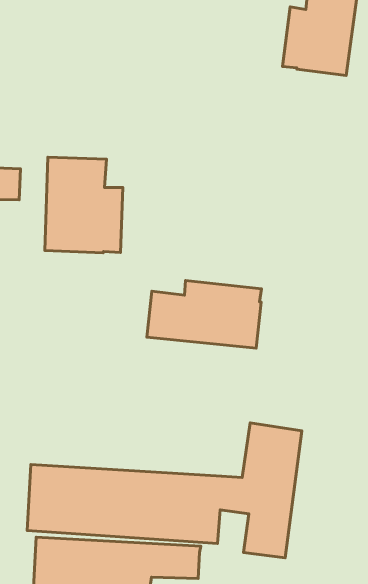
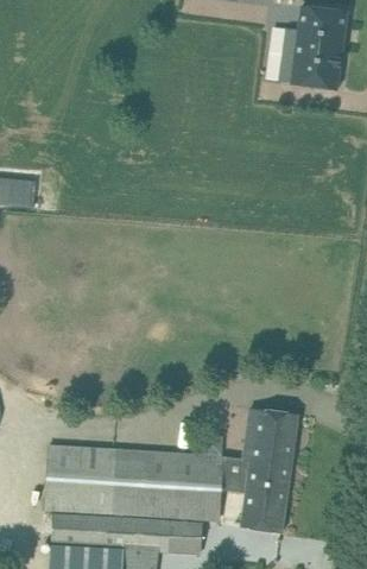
building: [45,157,123,253] -> none
building: [147,281,262,348] -> none

